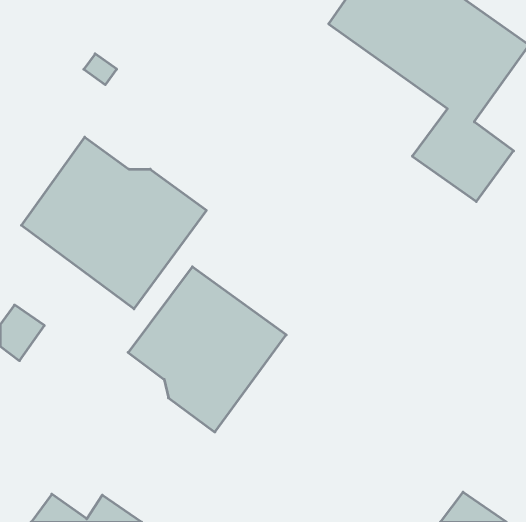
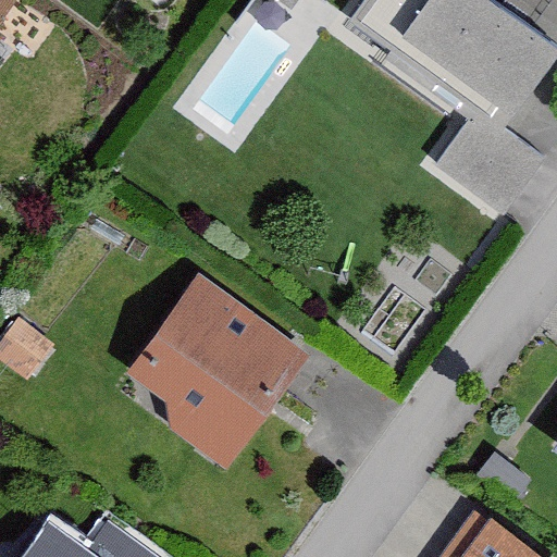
building: [21,137,206,309] -> none

